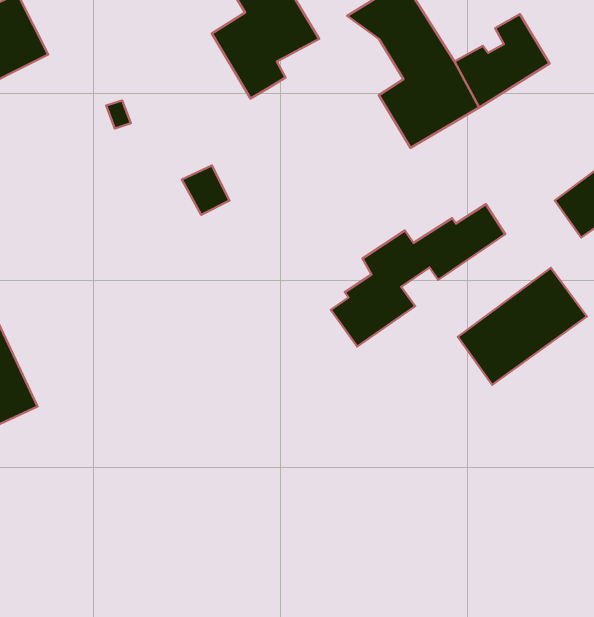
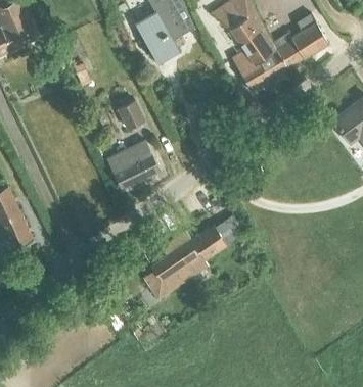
building: [331,204,505,347] -> [142,216,243,299]
building: none -> [106,141,160,191]
building: [458,268,587,385] -> none

